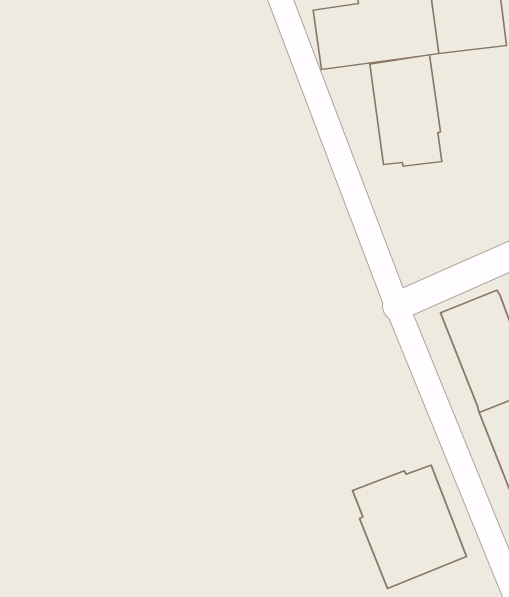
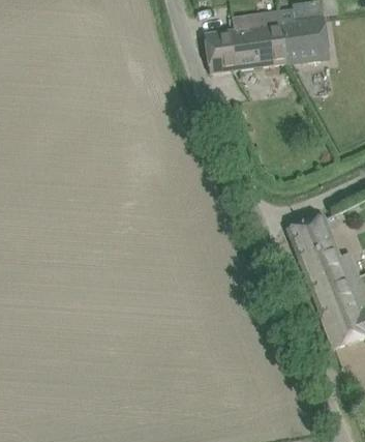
building: [370,55,442,166] -> none
building: [353,465,467,588] -> none

